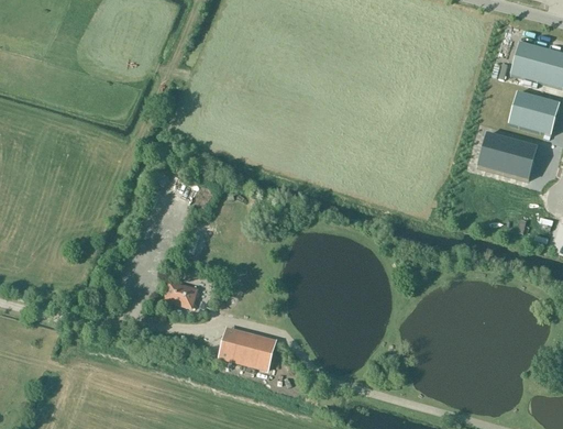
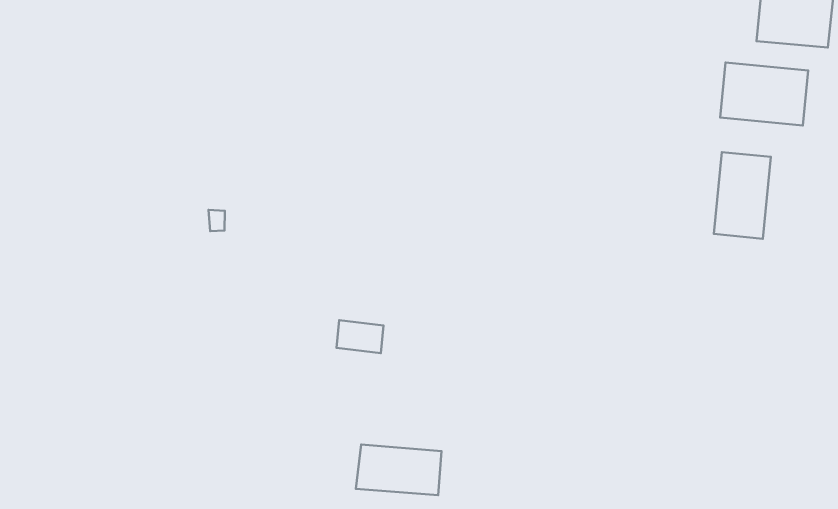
building: none -> [714,152,771,239]
building: [165,282,196,306] -> [337,320,383,353]

